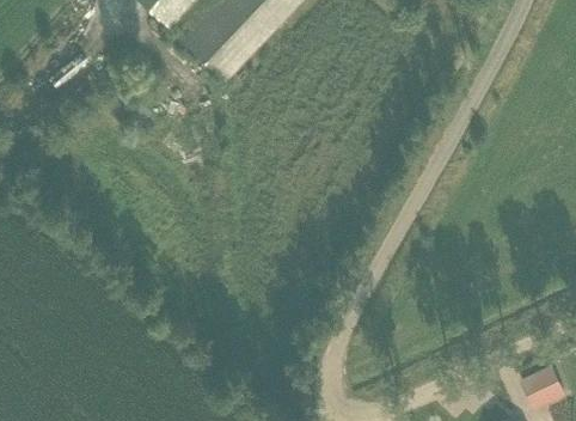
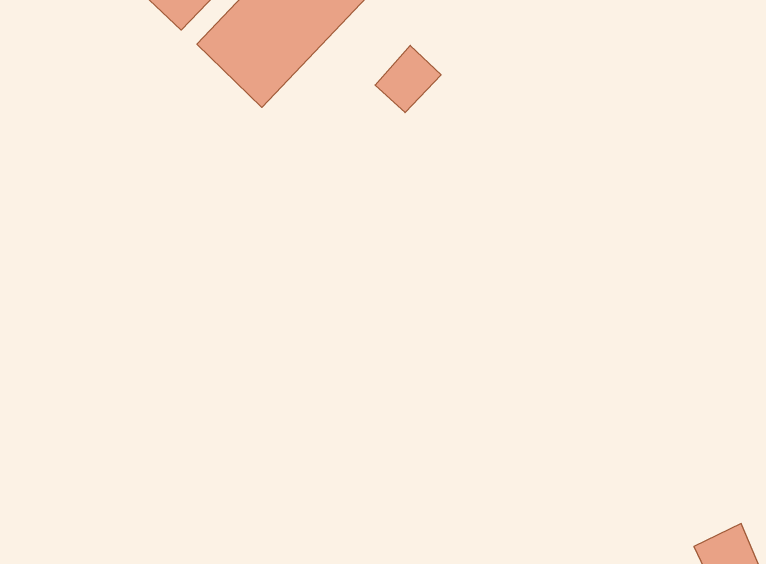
building: none -> [375,45,441,113]

